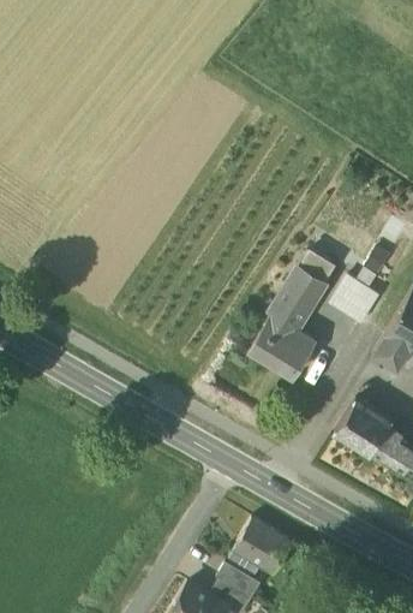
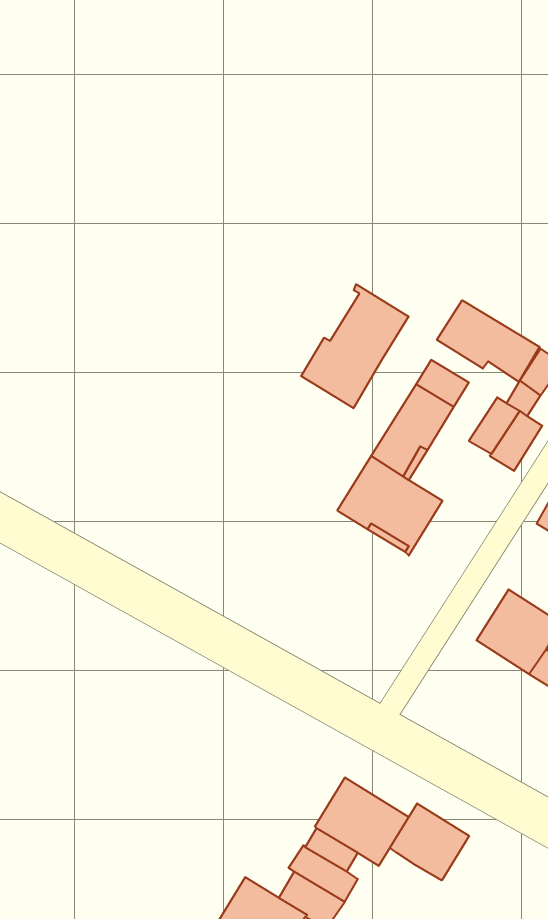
building: none -> [301,284,409,408]
building: none -> [437,300,540,382]
building: none -> [390,803,469,880]

